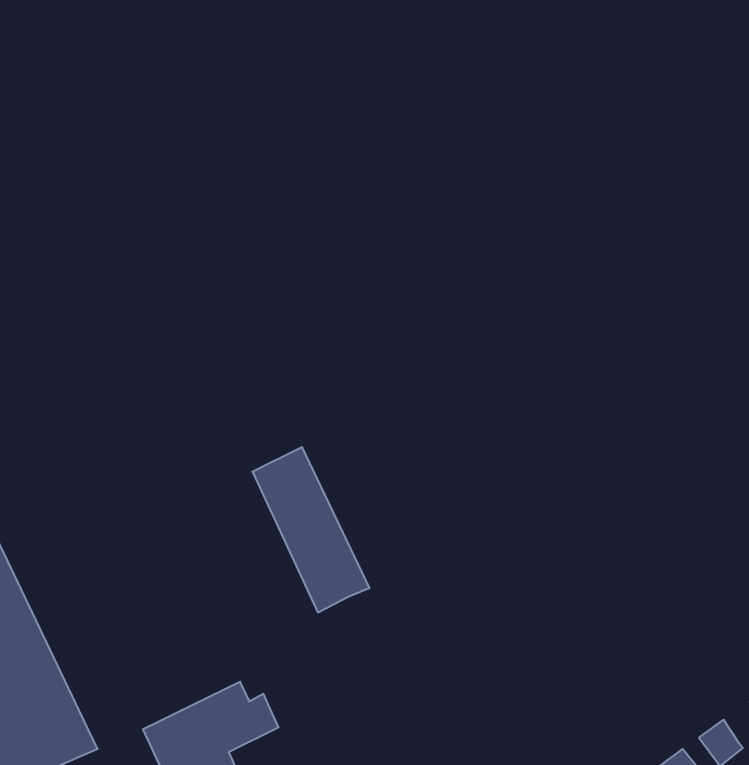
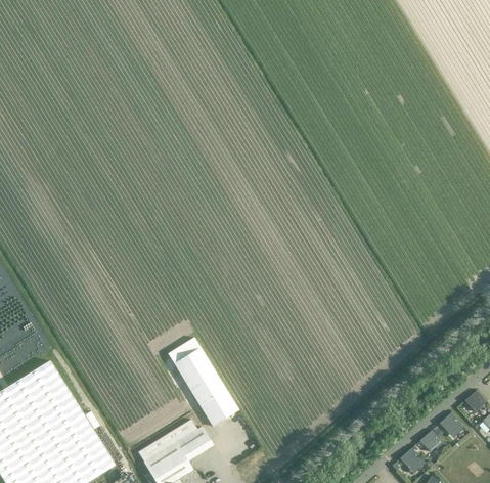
building: [252,447,370,612] -> [169,338,239,427]

